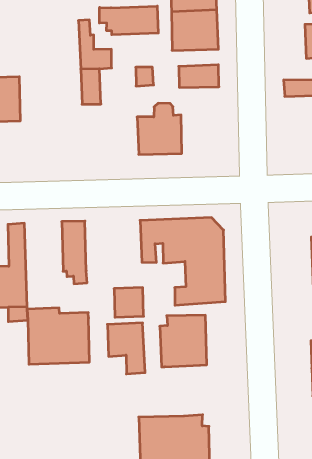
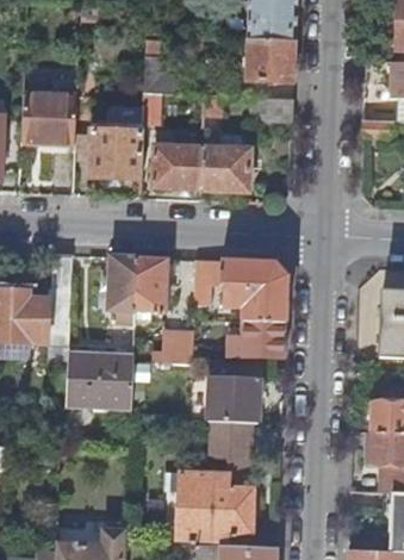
building: [99,6,158,35] -> none
building: none -> [88,122,143,178]
building: none -> [153,142,201,188]
building: none -> [135,256,169,311]
building: [107,323,145,374] -> [211,419,250,474]

